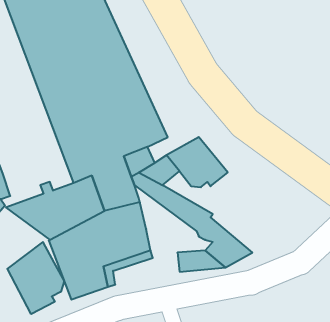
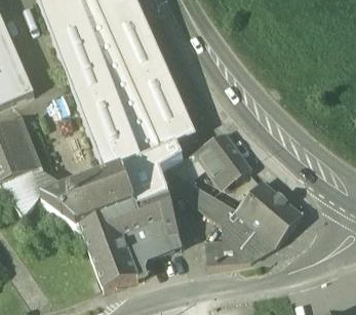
building: none -> [237,179,303,243]
building: [7,242,64,314] -> none

